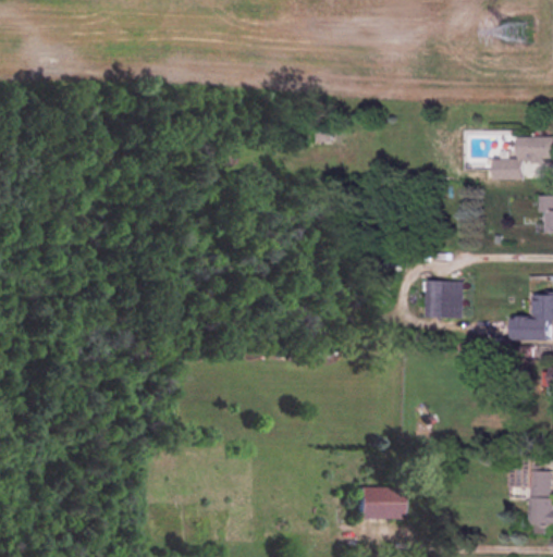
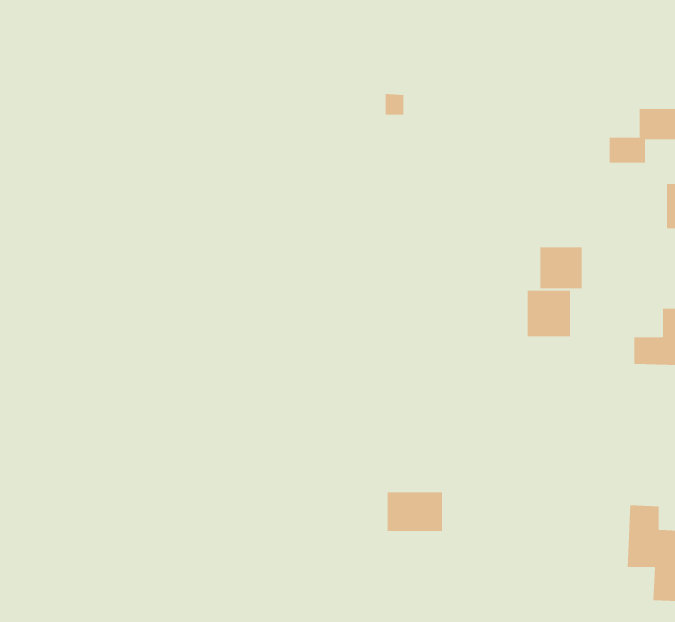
building: none -> [540,247,582,289]
building: [354,487,398,519] -> [387,492,443,532]

